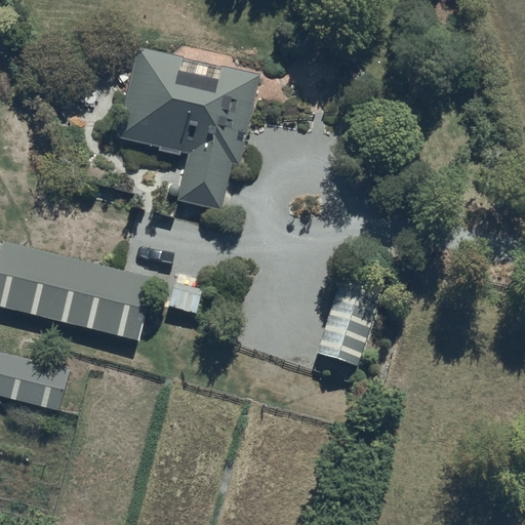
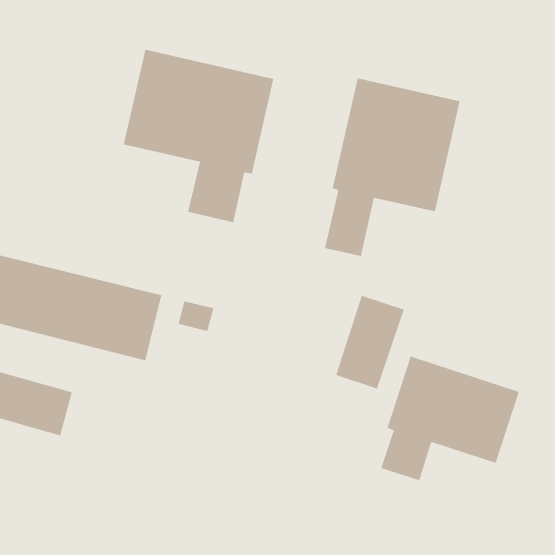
building: none -> [324,77,461,257]
building: none -> [380,356,520,481]

